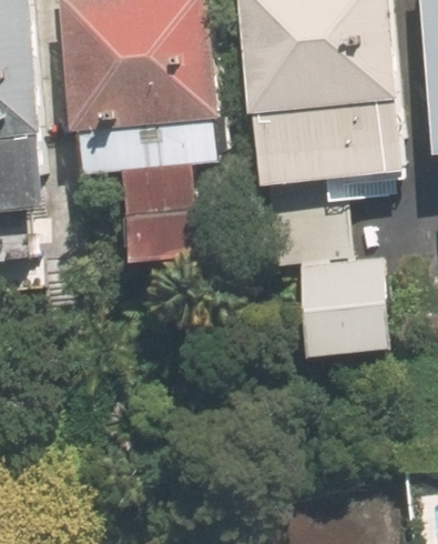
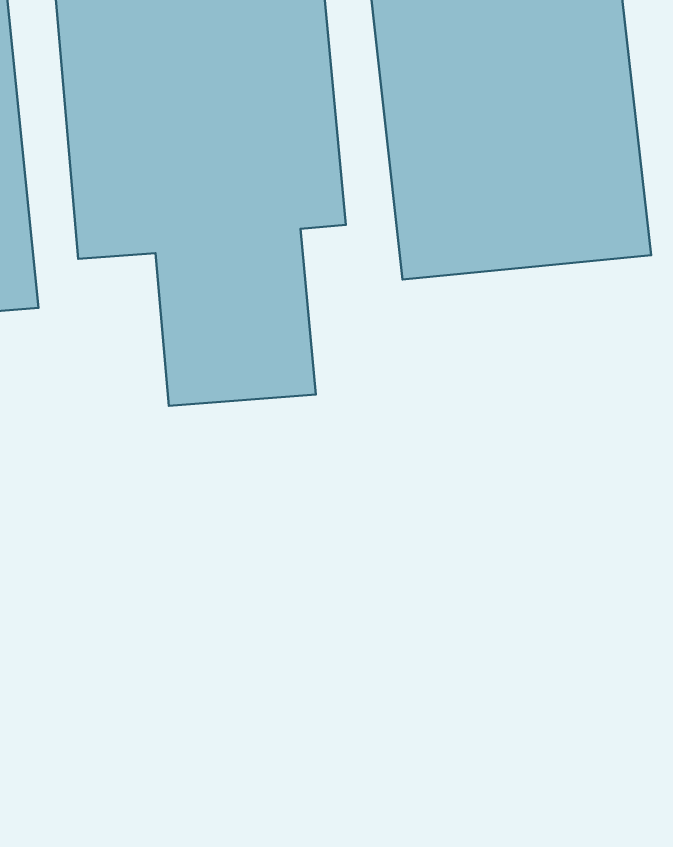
building: [297,255,397,357] -> none

